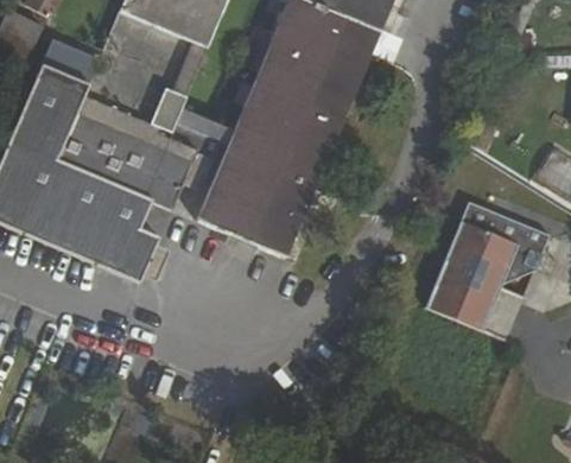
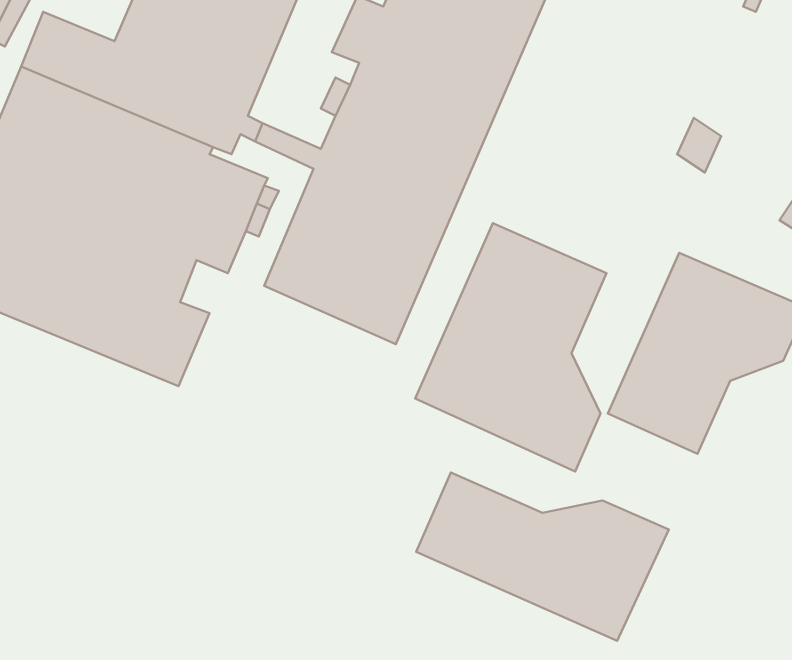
building: none -> [415,223,606,472]
building: none -> [416,472,669,641]

